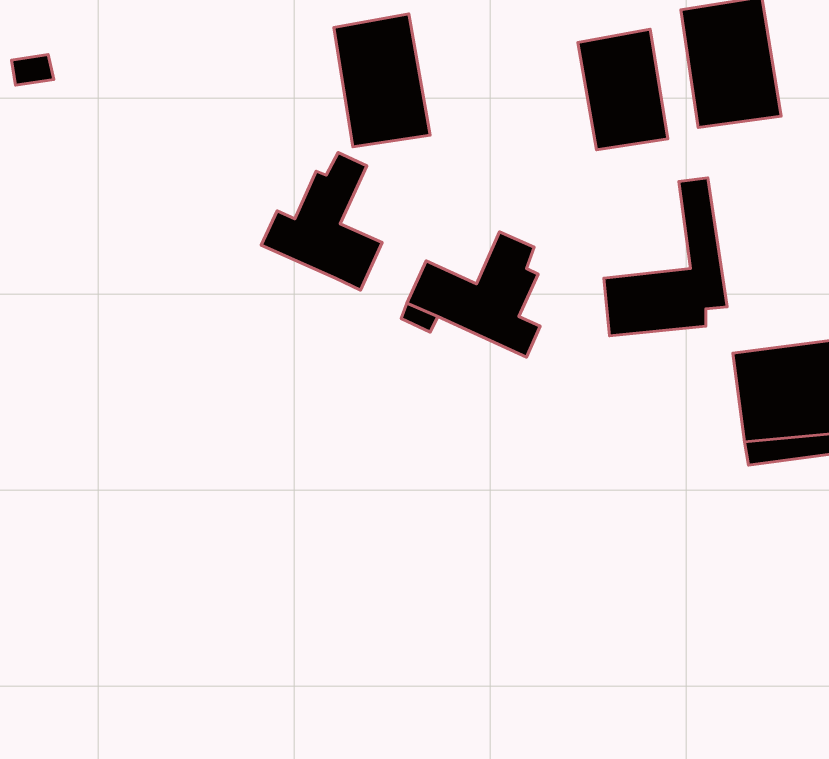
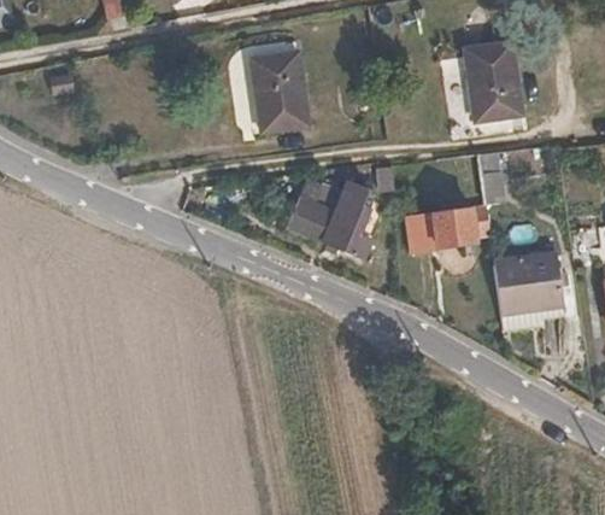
building: [578,29,668,150] -> none
building: [261,153,382,290] -> none

